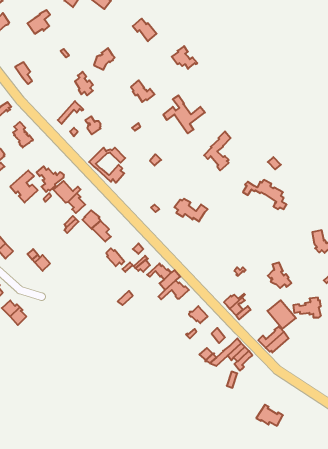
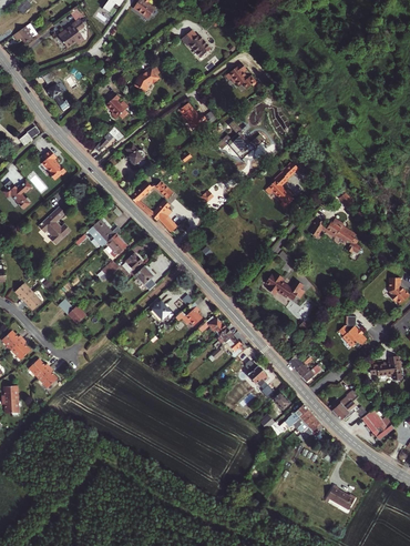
building: [37,166,64,192] -> none
building: [174,199,208,222] -> [265,273,304,300]
building: [267,300,296,329] -> [361,406,394,439]

